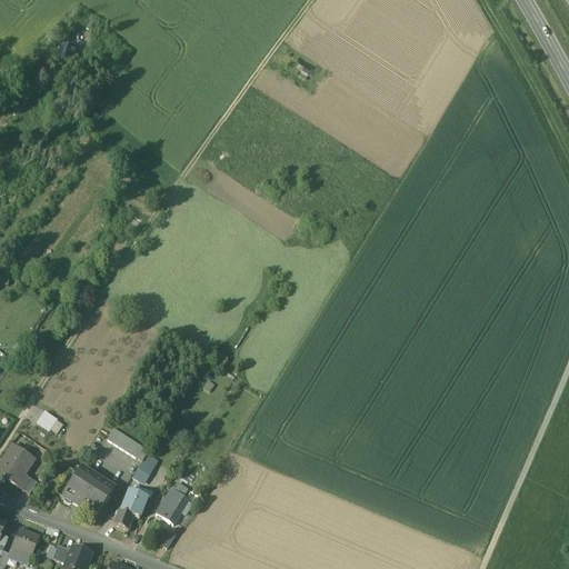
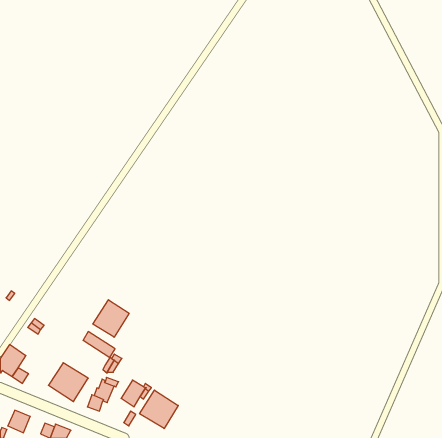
building: none -> [93,300,129,337]
building: none -> [140,390,178,429]

